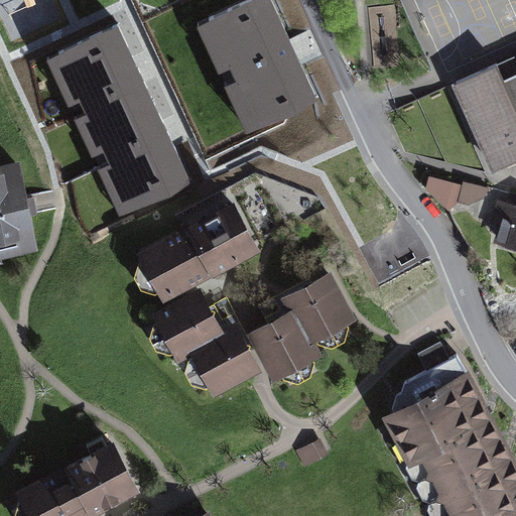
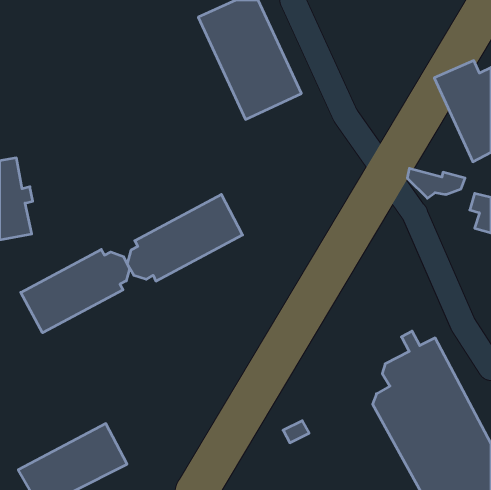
building: [57,26,188,211] -> none
building: none -> [21,249,129,333]
building: [252,276,351,383] -> none
building: [148,292,255,391] -> none

